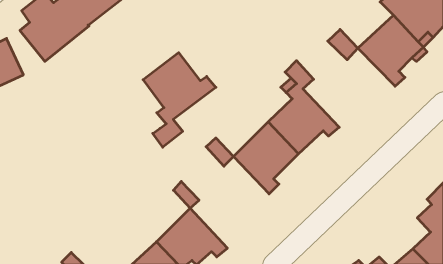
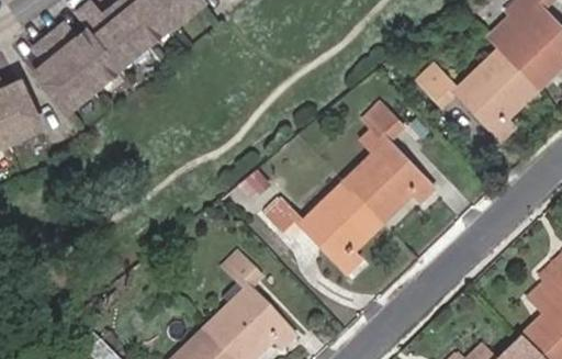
building: [143,53,216,147] -> none

